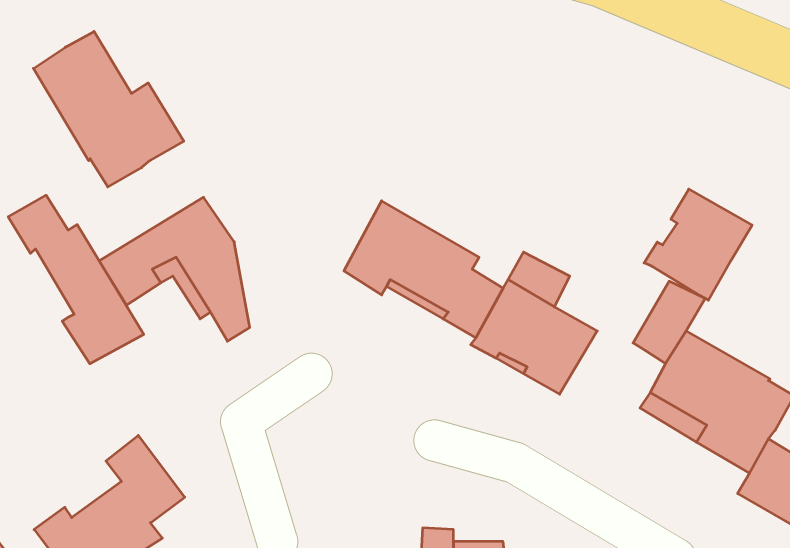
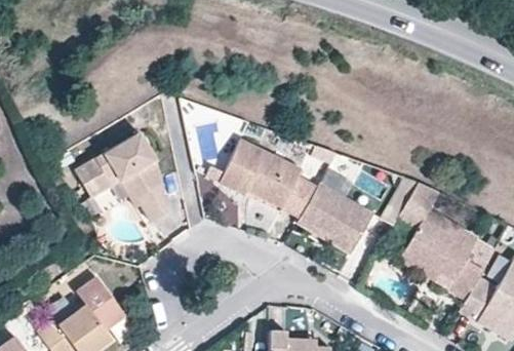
building: [33,31,184,187] -> none
building: [644,189,752,300] -> none
building: [8,195,144,364] -> none

